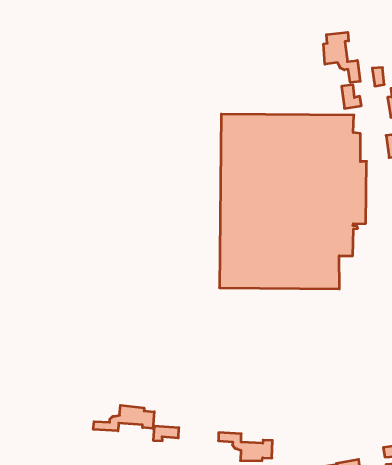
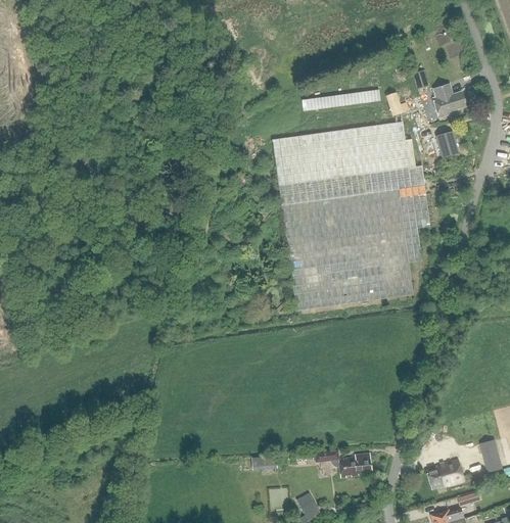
building: [324,32,360,82] -> none
building: [93,405,154,431] -> none

